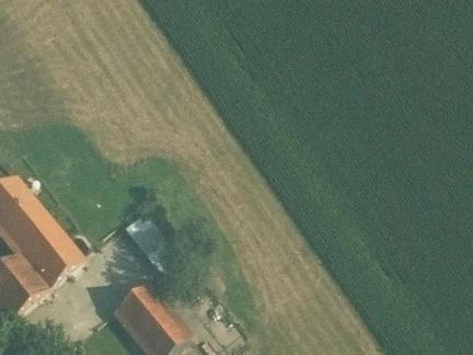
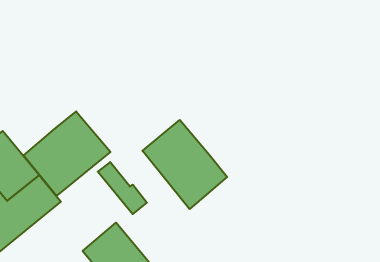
building: none -> [23,111,110,196]
building: none -> [142,120,227,209]

